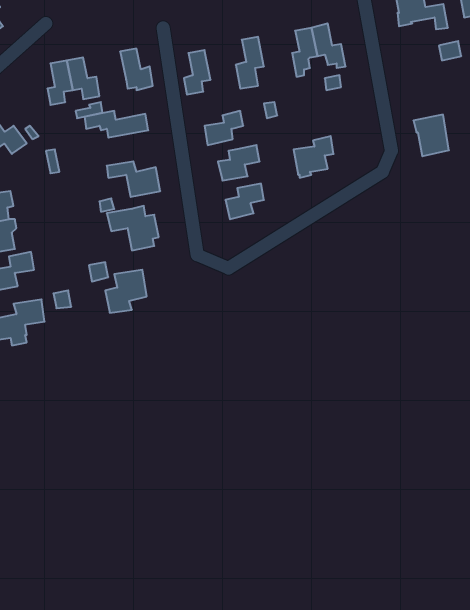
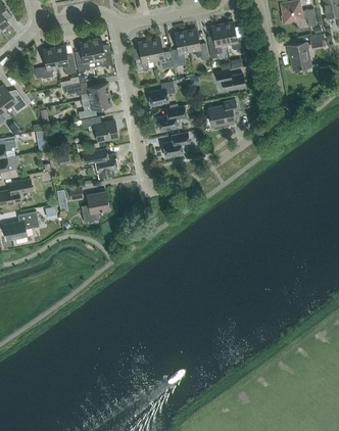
building: none -> [185,29,207,60]
building: none -> [148,38,173,69]
building: none -> [77,41,95,71]
building: none -> [215,69,244,90]
building: [413,115,449,156] -> [286,42,310,70]
building: none -> [78,95,111,118]

